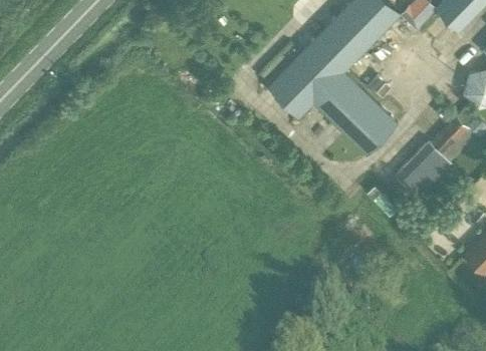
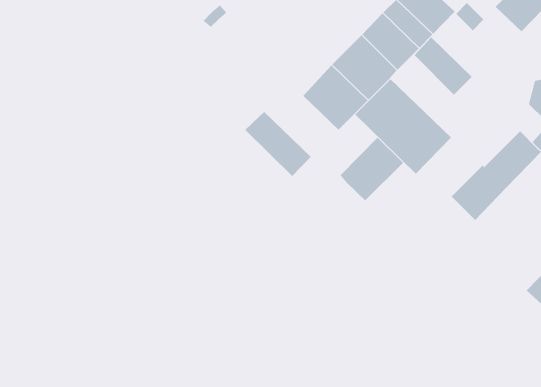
building: none -> [414,37,472,95]
building: none -> [245,111,311,177]
building: none -> [340,137,404,201]

